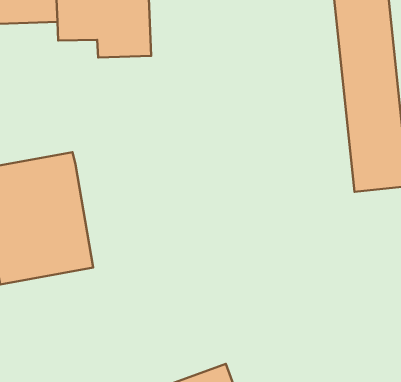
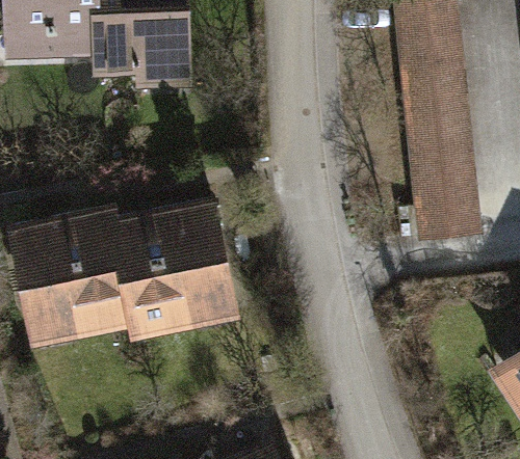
building: none -> [112,195,243,339]

